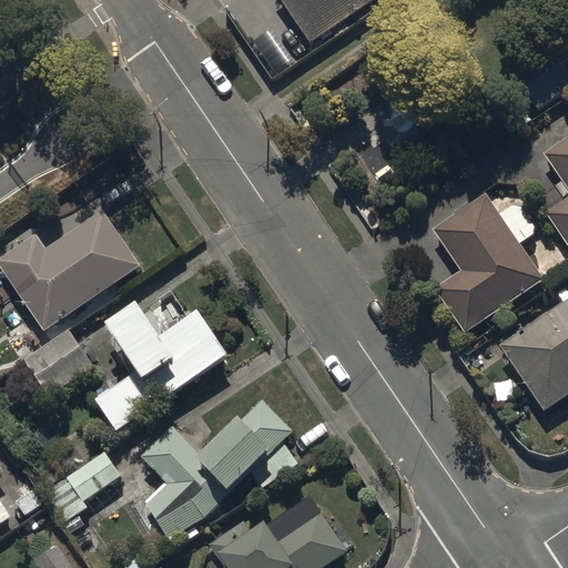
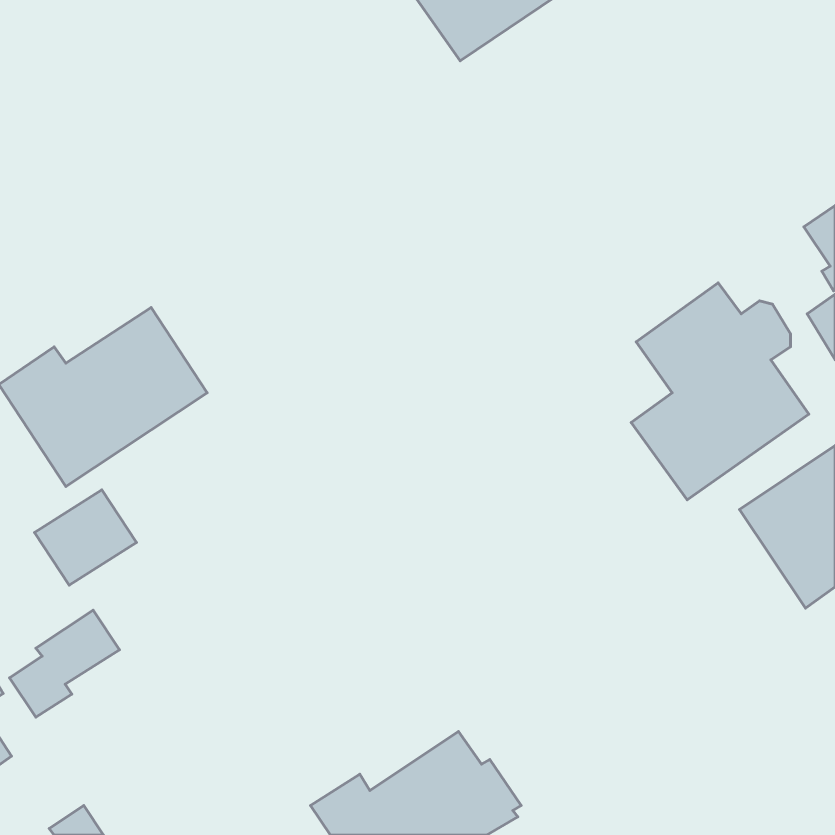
building: [94,304,229,432] -> none
building: [142,399,294,537] -> none
building: [47,449,121,521] -> [9,610,119,717]

